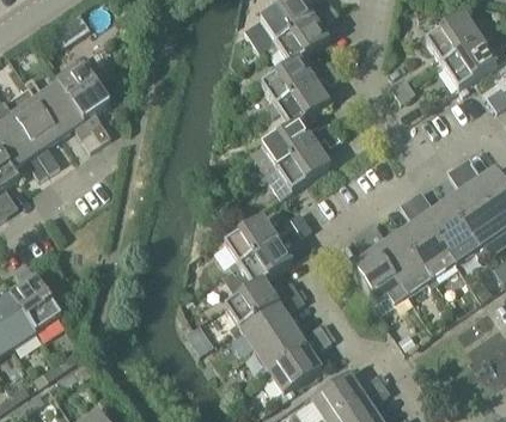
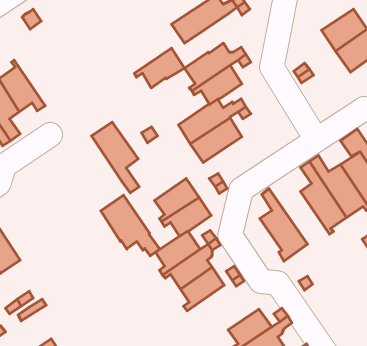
building: [269,18,329,66] -> [135,48,184,88]
building: [55,57,112,142] -> [91,122,139,193]
building: [361,221,434,295] -> none
building: none -> [101,195,160,256]
building: [263,344,322,392] -> none

